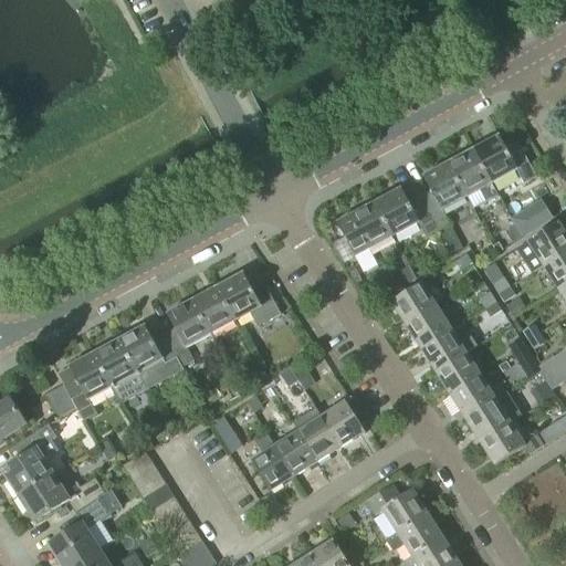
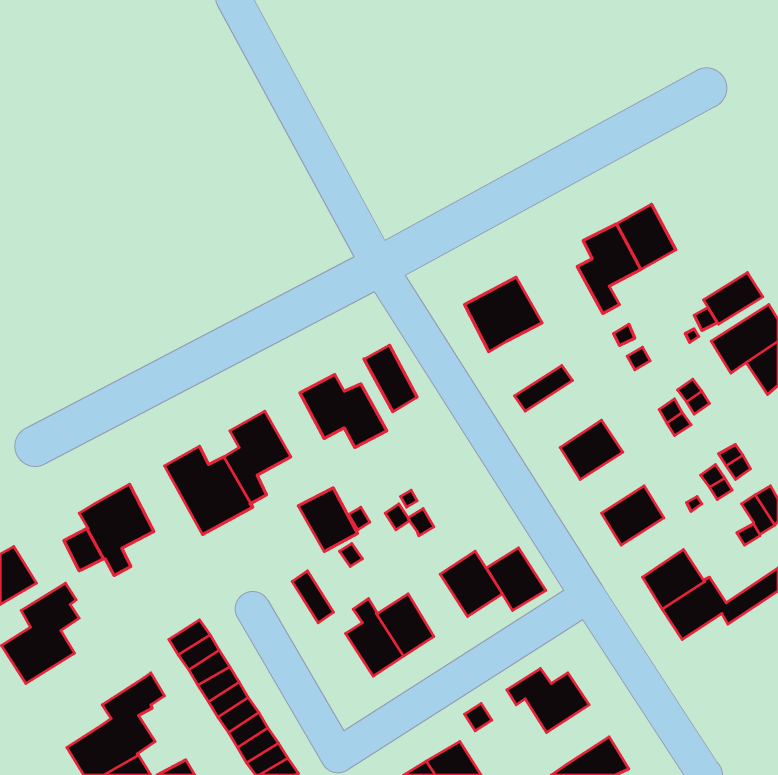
building: [473,134,536,181] -> none
building: [375,187,438,234] -> none
building: none -> [364,345,417,412]
building: [391,281,437,325] -> none
building: [192,285,235,332] -> [298,488,358,552]
building: [421,322,476,373] -> none
building: [94,338,147,401] -> none
building: [451,376,496,419] -> none
building: [296,417,339,462] -> [487,548,546,610]
building: [19,474,105,521] -> none
building: [386,512,442,555] -> none

